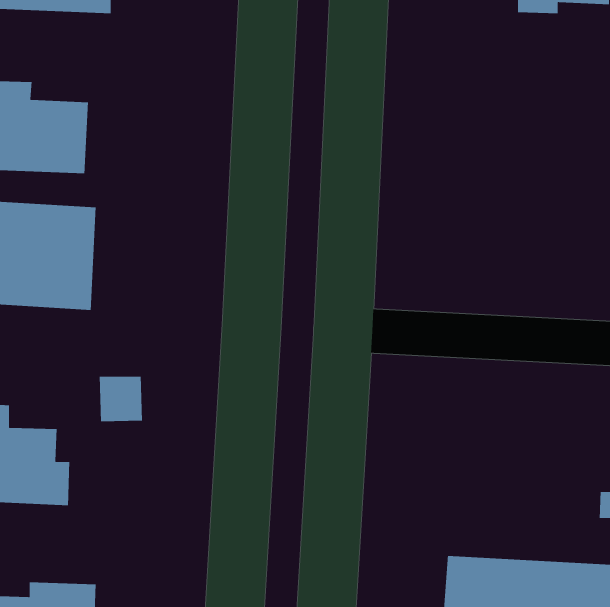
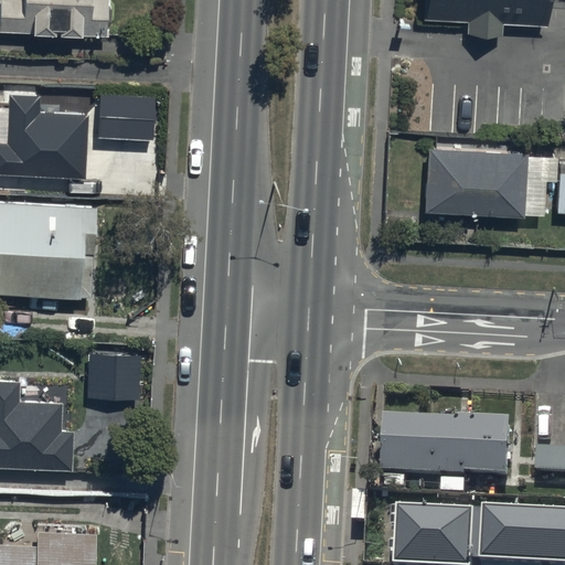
building: none -> [96,89,152,136]
building: none -> [418,147,524,218]
building: none -> [383,422,510,481]

